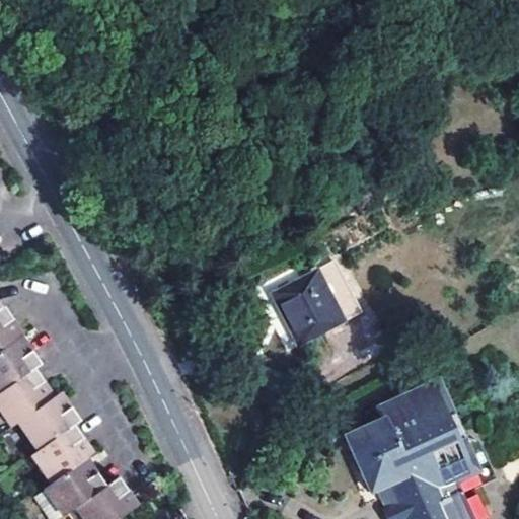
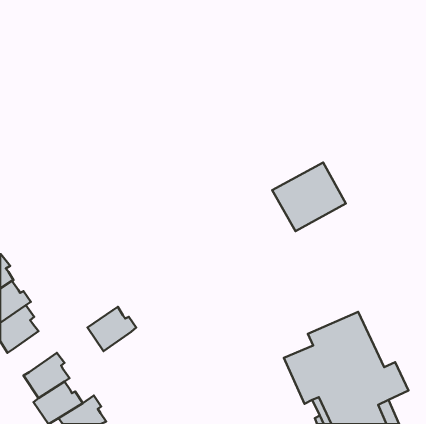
building: [272,263,361,346] -> [272,163,346,231]
building: [18,397,77,451] -> [88,307,136,351]

